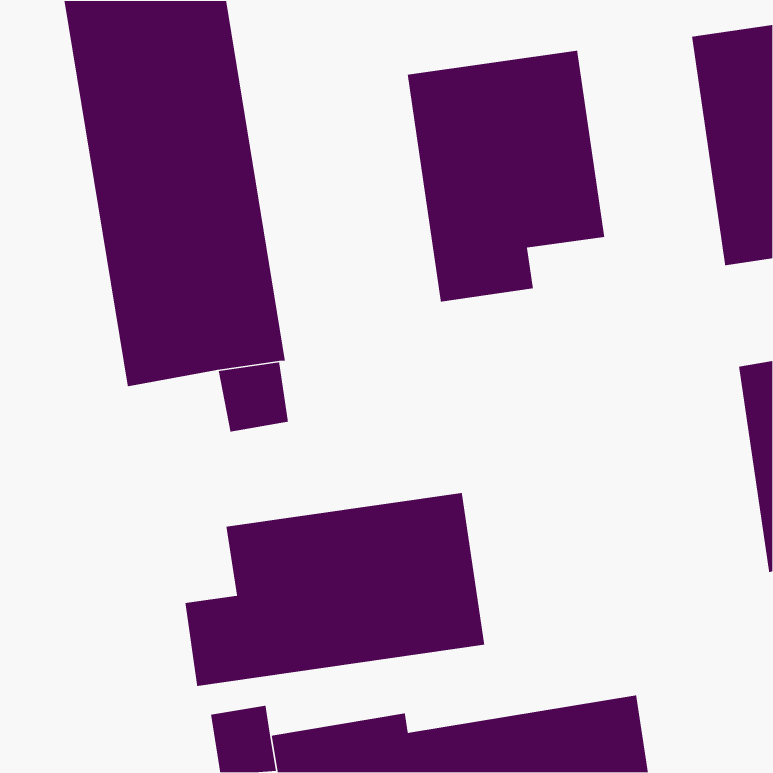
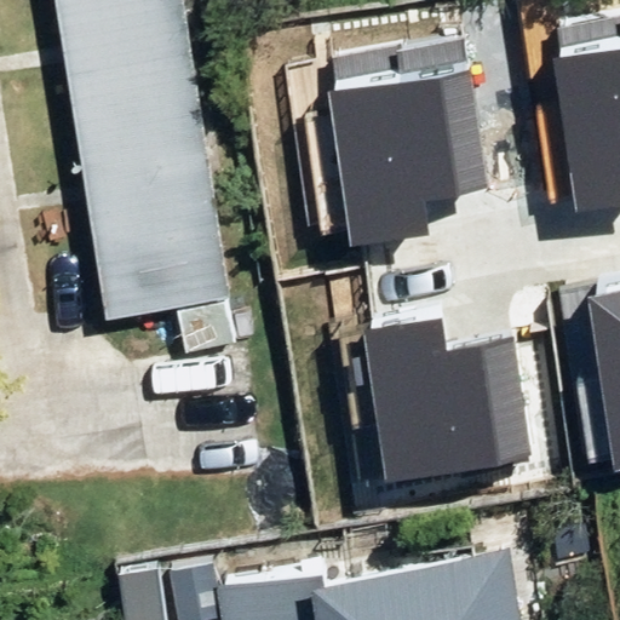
building: none -> [366,322,530,481]
building: [184,492,485,687] -> none

